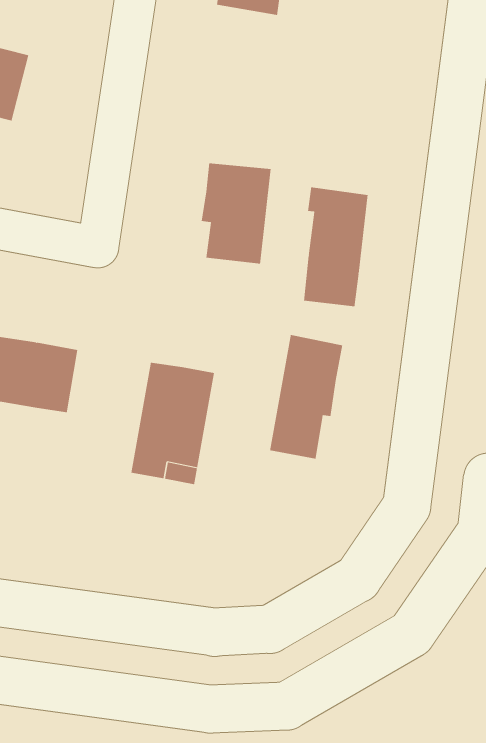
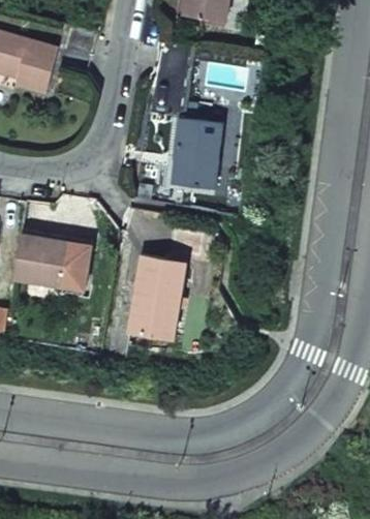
building: [304,187,368,307] -> none
building: [269,334,343,459] -> none

